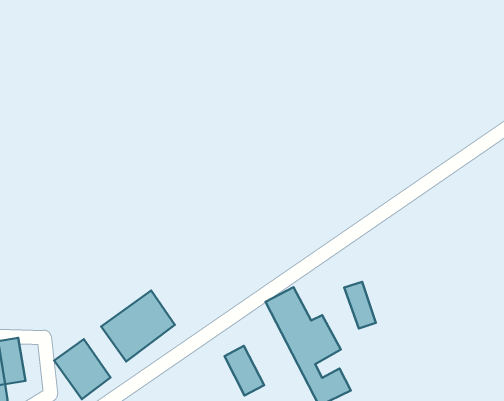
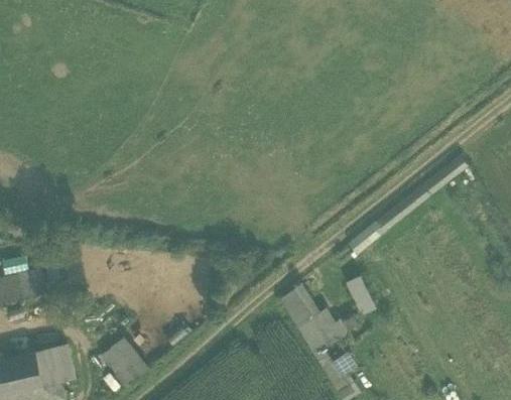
building: [101,290,175,361] -> none
building: [224,346,264,396] -> none

